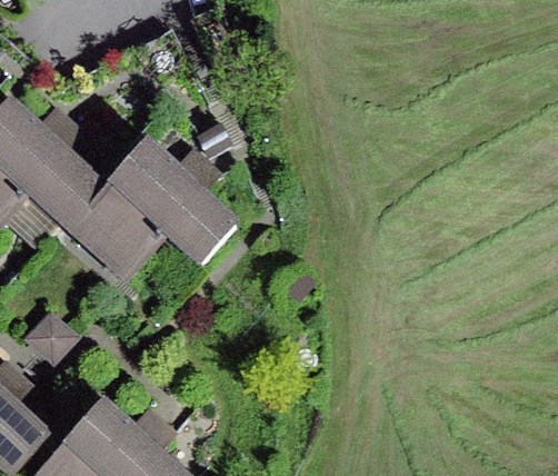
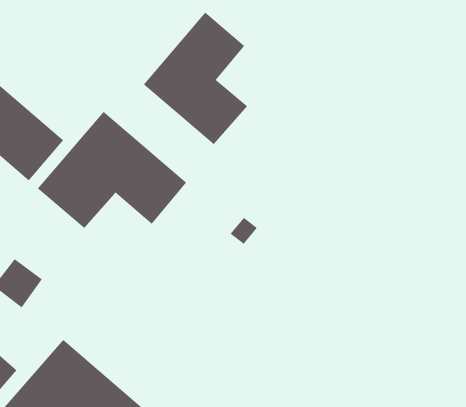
building: none -> [143,11,248,145]

